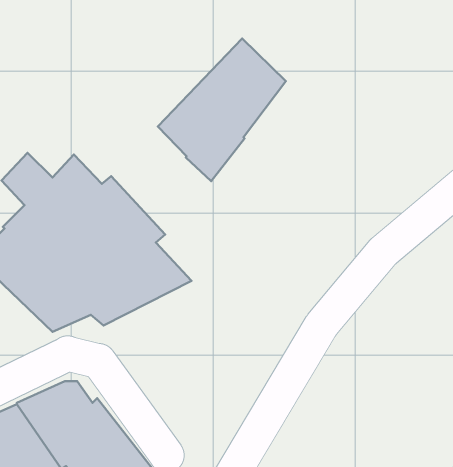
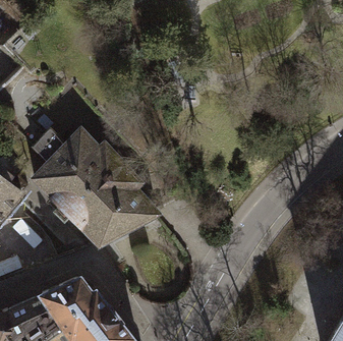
building: [158,39,286,181] -> none

